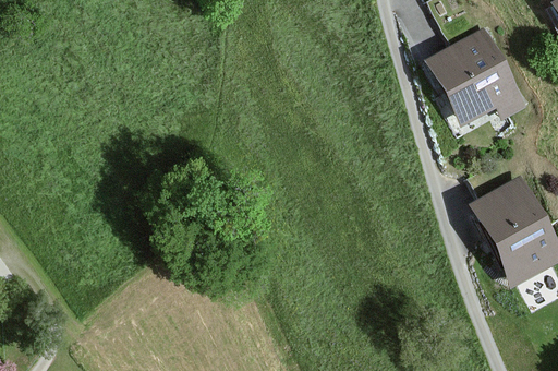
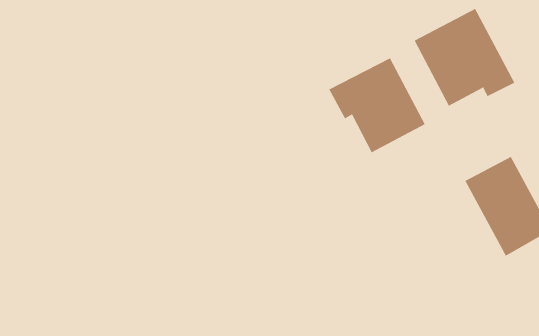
building: none -> [328,57,426,153]

